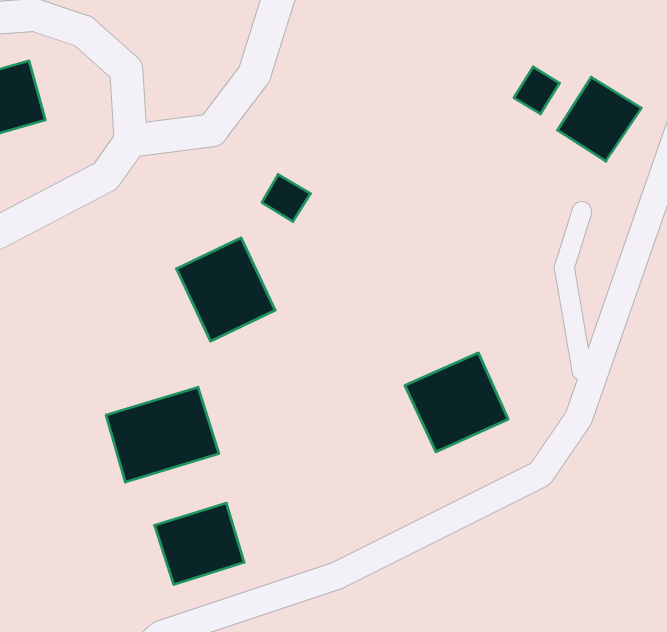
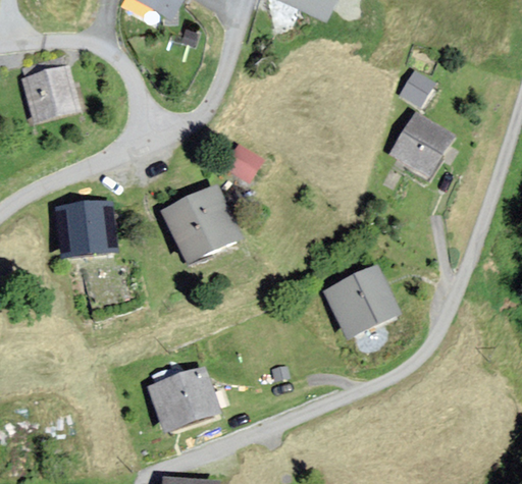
building: [557,77,641,161] -> [393,114,451,172]
building: none -> [57,203,112,254]
building: [106,387,219,482] -> none

